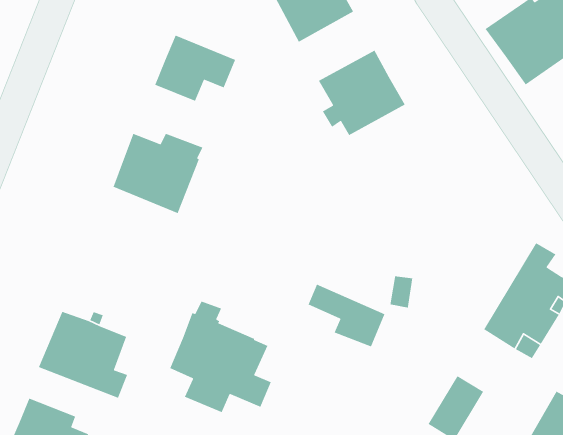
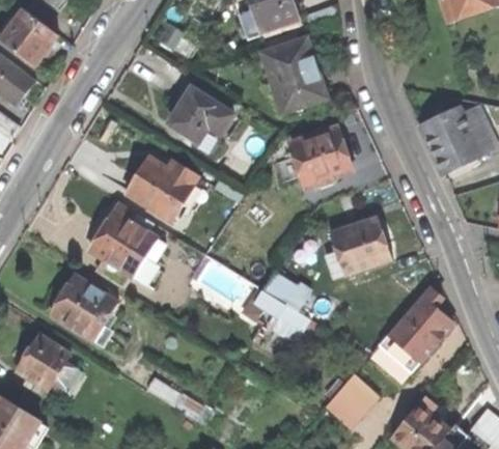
building: none -> [327,217,391,280]
building: none -> [262,272,312,311]
building: [169,301,272,413] -> [89,203,165,289]

